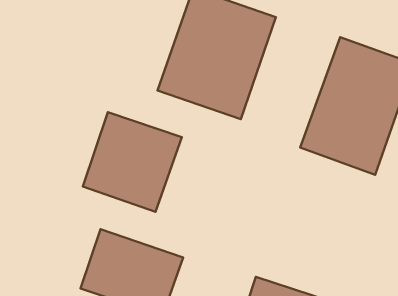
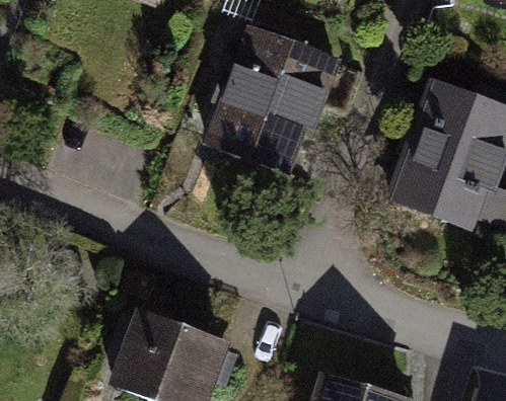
building: [83,112,182,212] -> none

